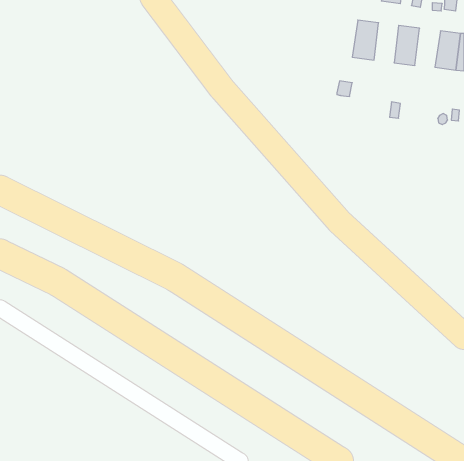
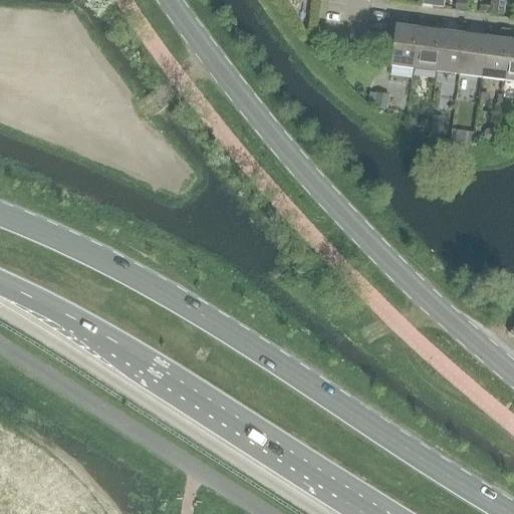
building: none -> [414,25,441,69]
building: none -> [459,31,487,74]

